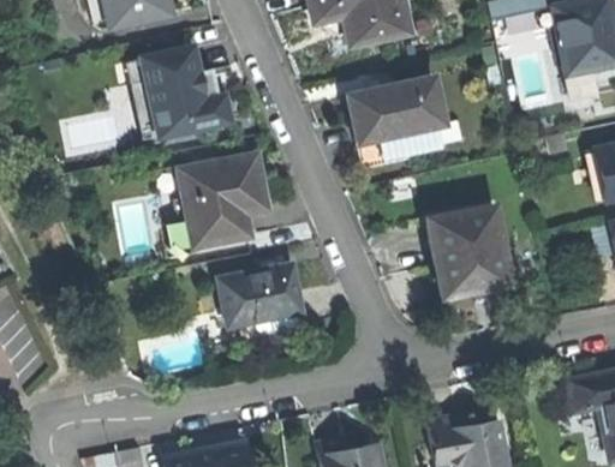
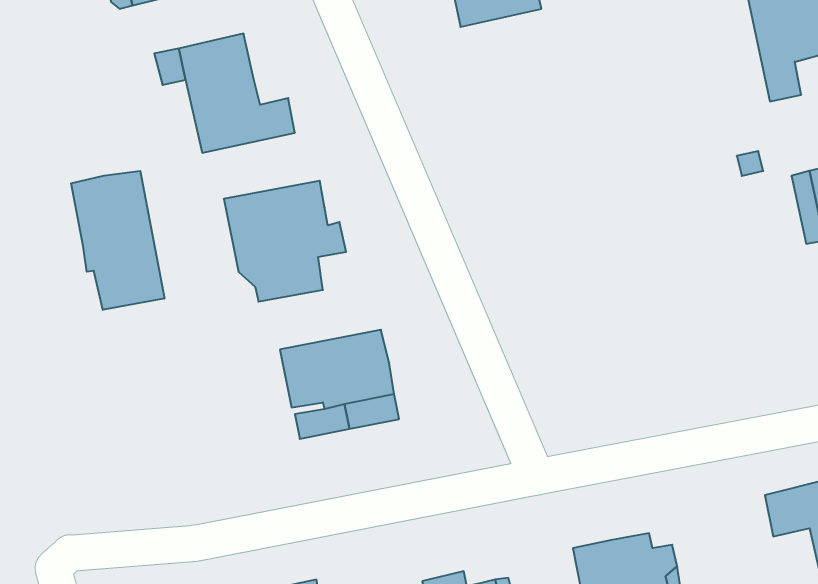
building: [347,77,443,155] -> none
building: none -> [71,171,164,310]
building: [430,206,508,295] -> none

